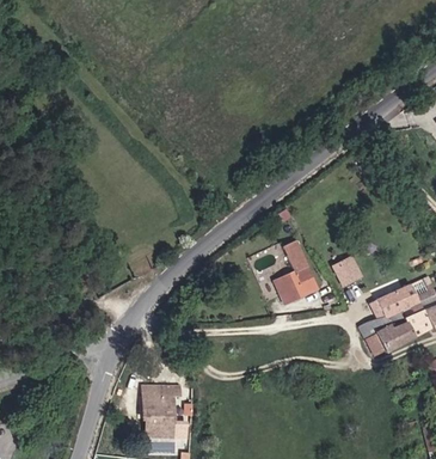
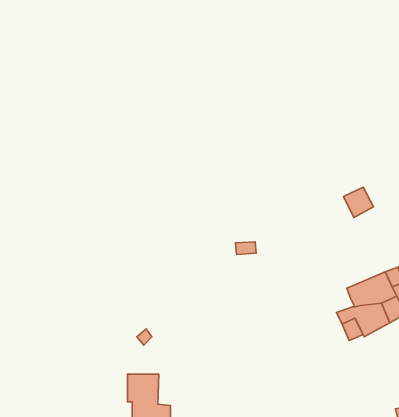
building: [272,241,318,305] -> none
building: [331,256,362,287] -> [343,187,374,217]

